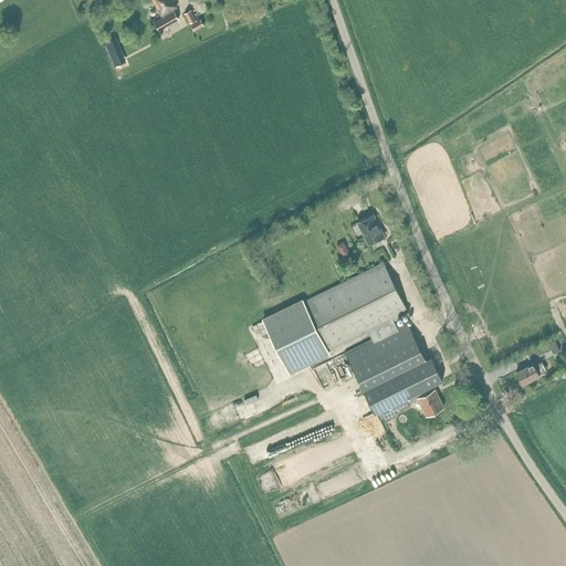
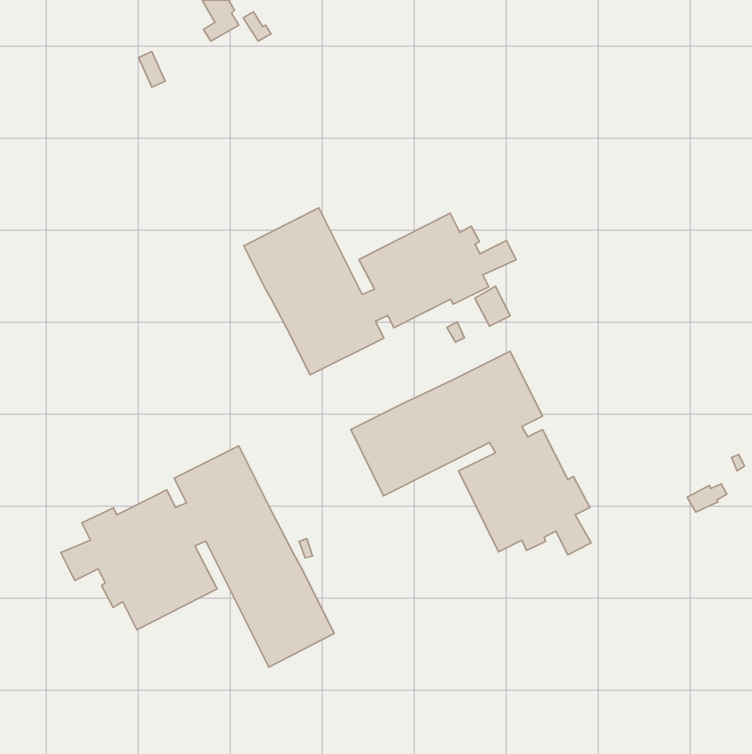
building: none -> [244,208,516,375]
building: none -> [61,446,334,667]

